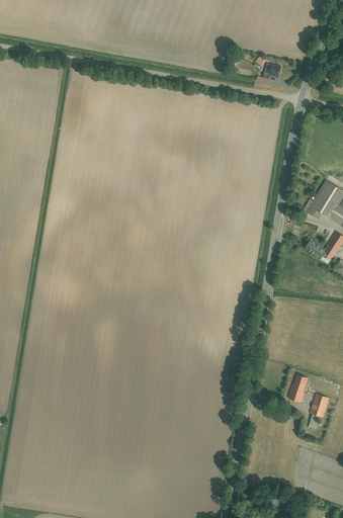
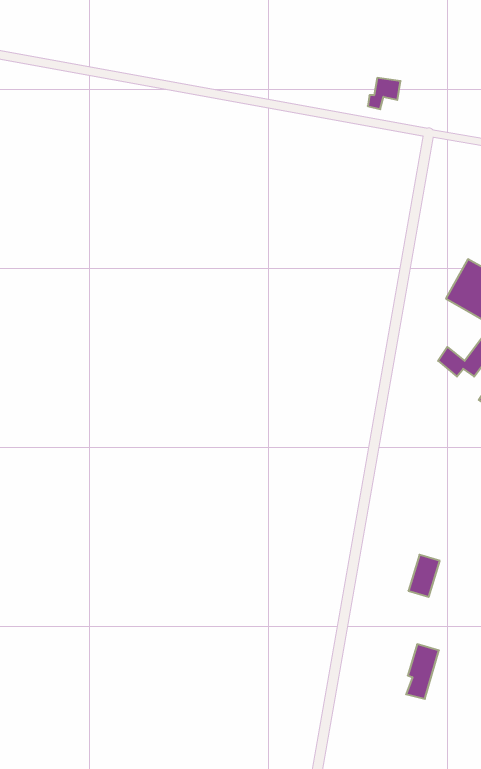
building: [307,394,328,429] -> [406,644,439,699]

